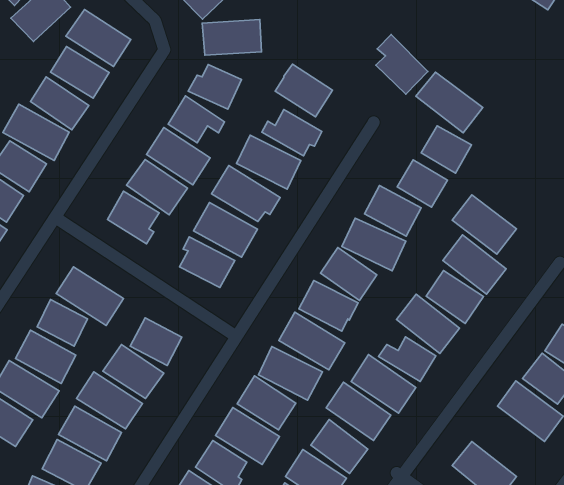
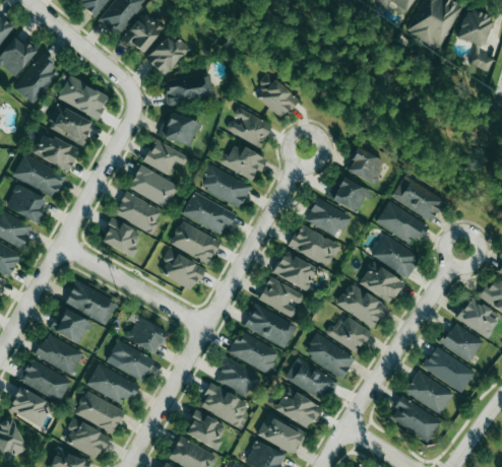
building: [376,34,428,94] -> [257,73,299,120]
building: [416,72,483,133] -> [391,176,445,222]
building: none -> [404,371,454,415]

